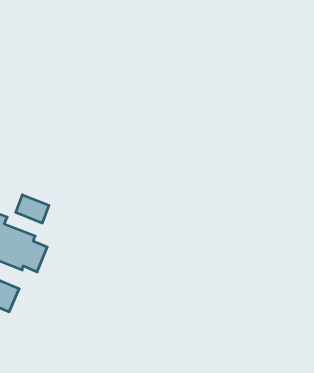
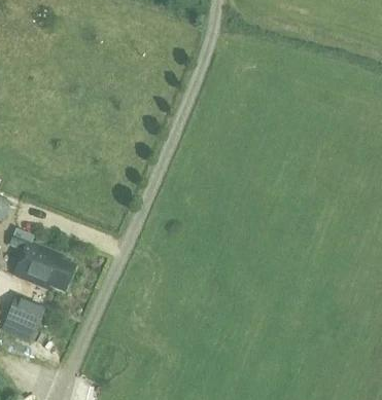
building: [16,195,49,223] -> none

